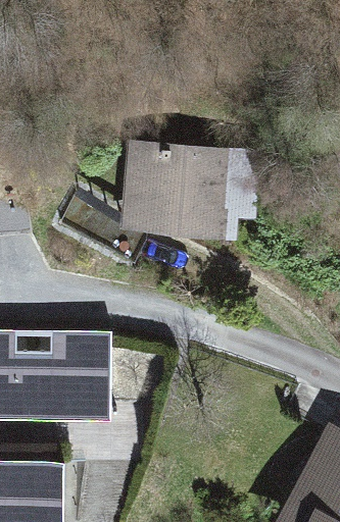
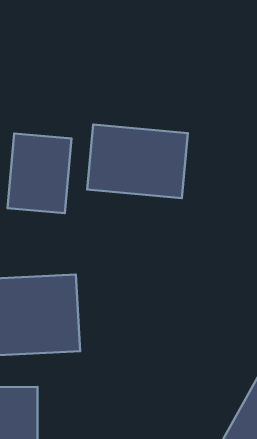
building: none -> [7,133,72,213]

